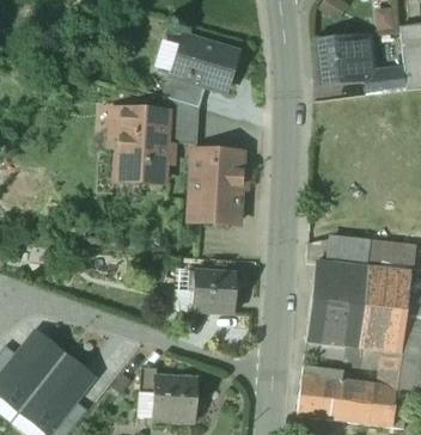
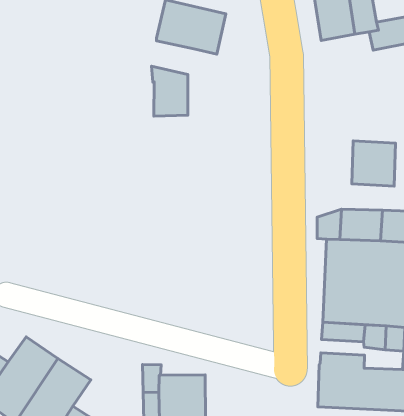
building: [163,69,207,105] -> none
building: [118,108,169,180] -> none
building: [190,149,243,222] -> none
building: none -> [352,141,396,186]
building: [193,270,237,313] -> none

